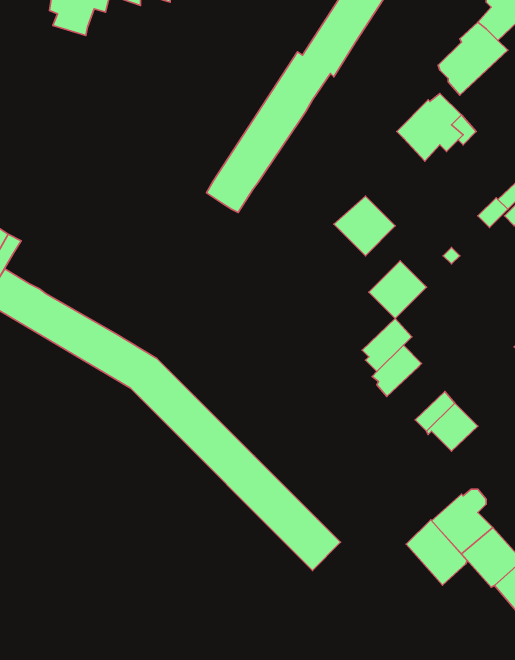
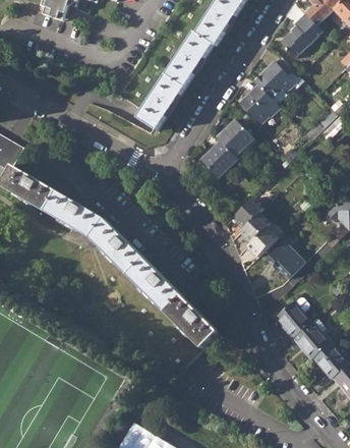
building: none -> [239,86,281,123]
building: [369,261,427,319] -> [200,143,236,178]
building: none -> [246,226,278,256]
building: [406,520,467,585] -> none

